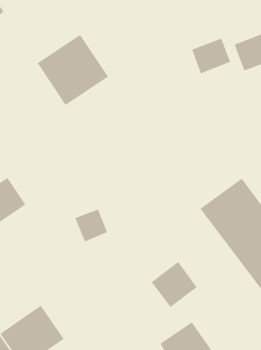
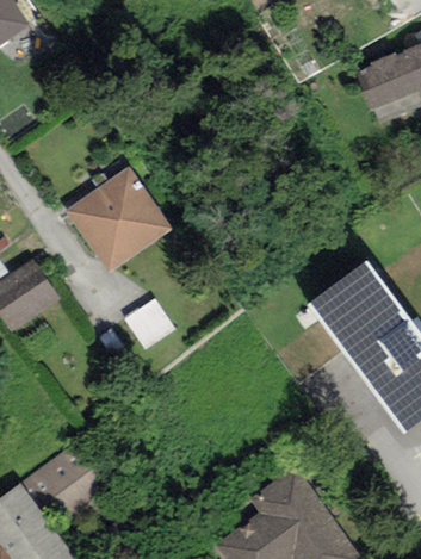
building: [37,34,109,106] -> [67,167,169,269]
building: [191,38,231,74] -> none
building: [151,261,197,308] -> none

